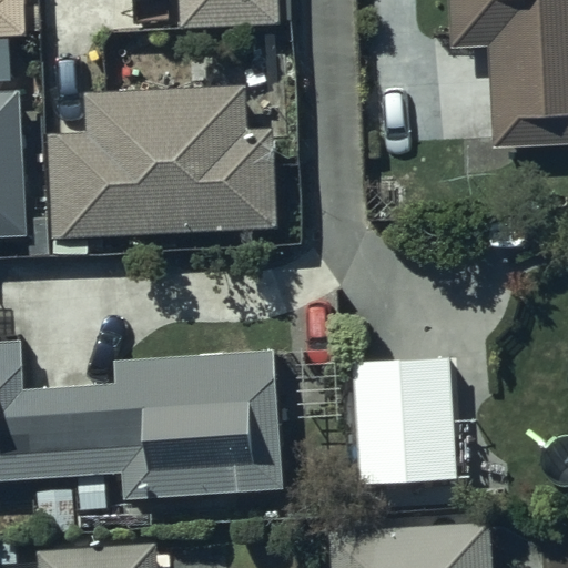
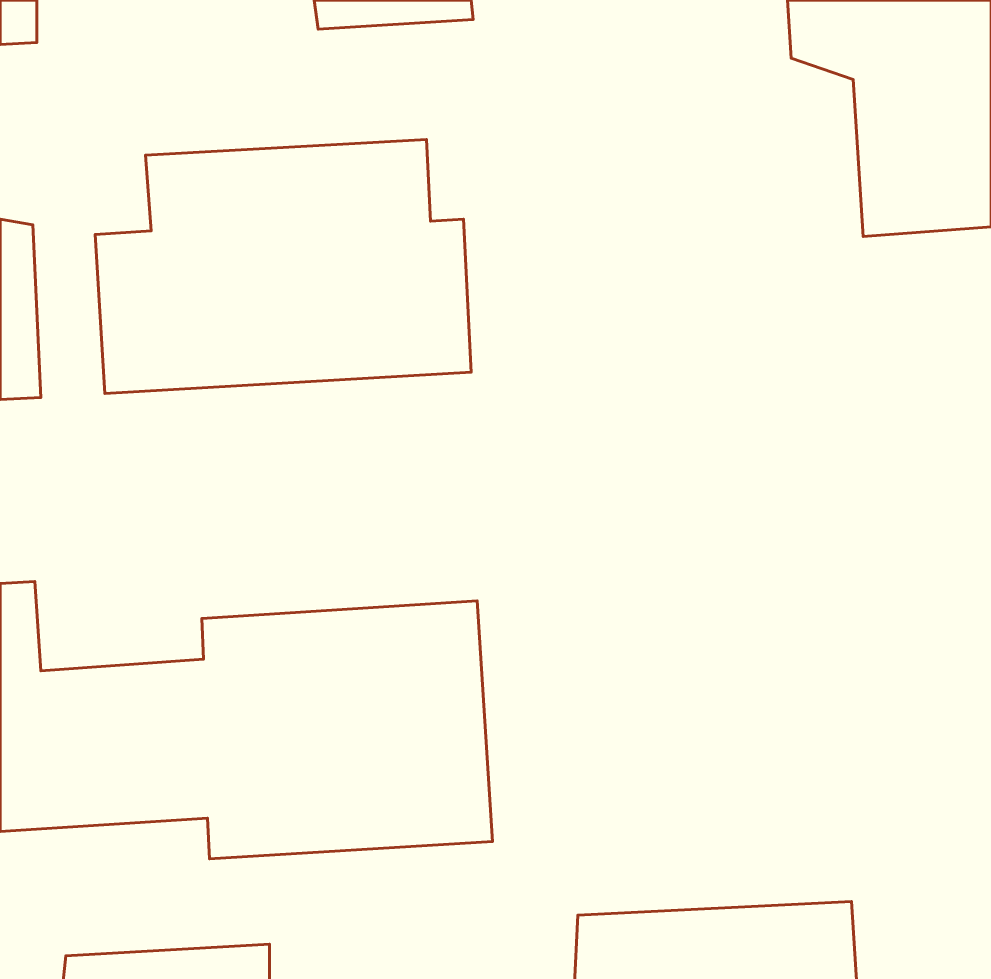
building: [352,355,458,483] -> none

